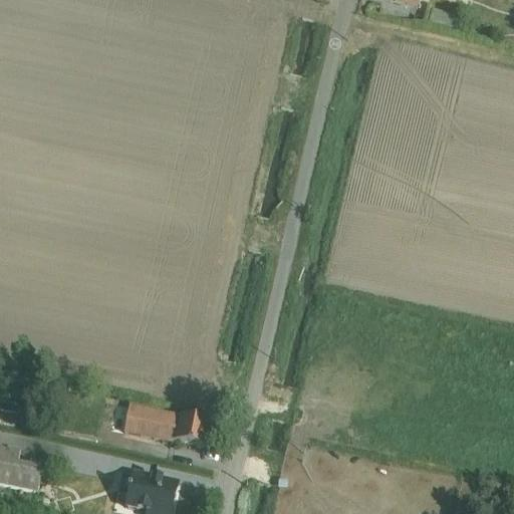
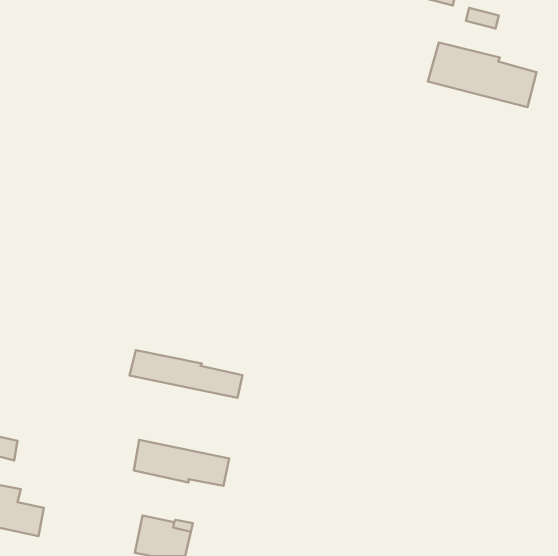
building: none -> [428,43,537,107]
building: none -> [129,350,243,398]

